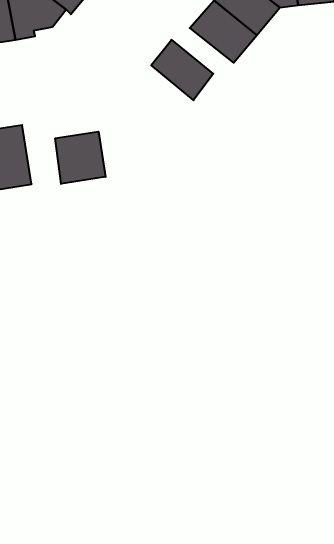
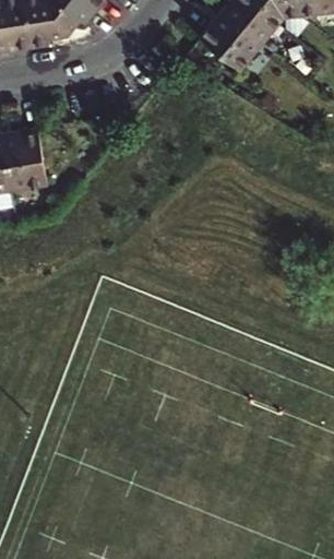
building: [151,40,213,100] -> none
building: [55,132,106,184] -> none

